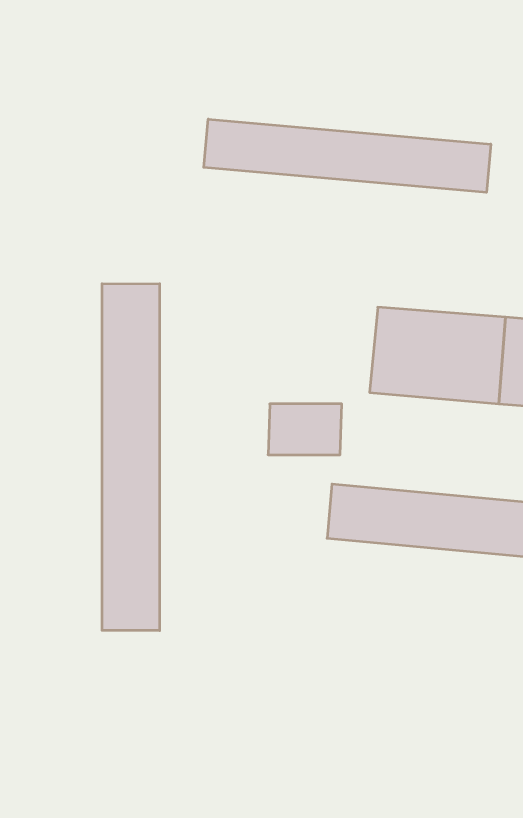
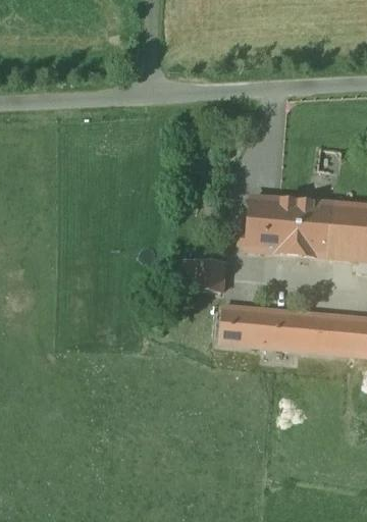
building: [204,119,491,192] -> none
building: [102,284,160,631] -> none

